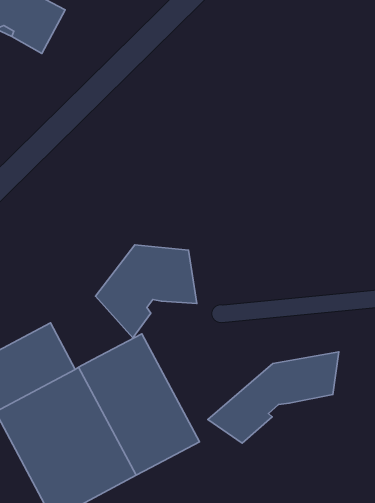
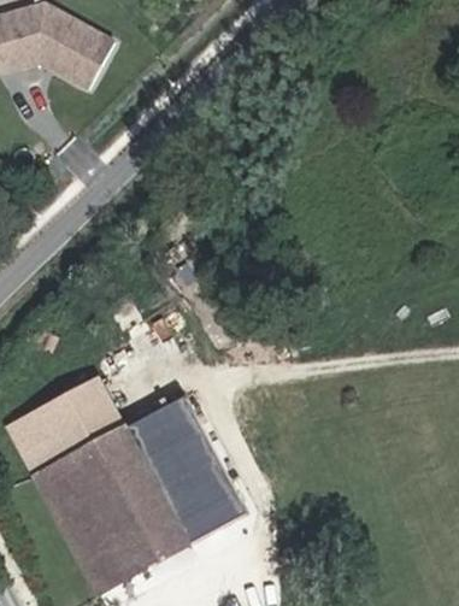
building: [96,245,197,338] -> none
building: [208,352,339,443] -> none

